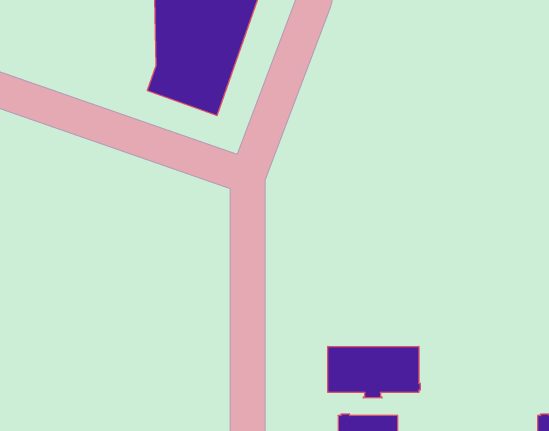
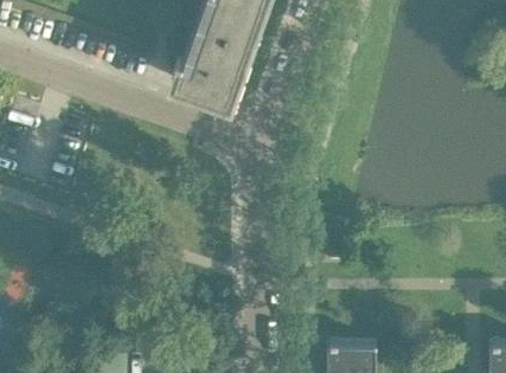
building: [328,346,420,398] -> none

